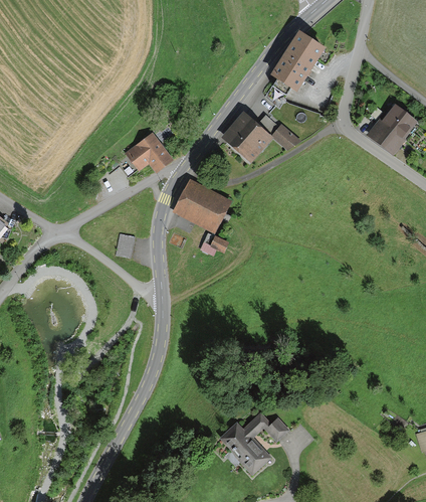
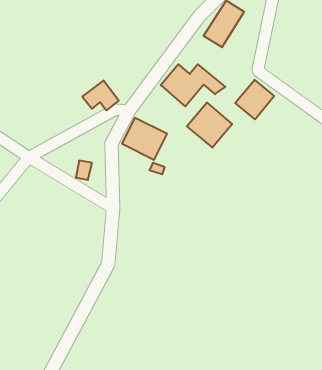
building: [368,105,416,154] -> [235,80,274,119]
building: none -> [187,103,232,148]
building: [218,410,288,473] -> none

